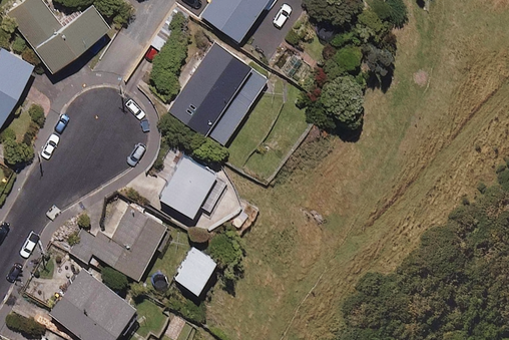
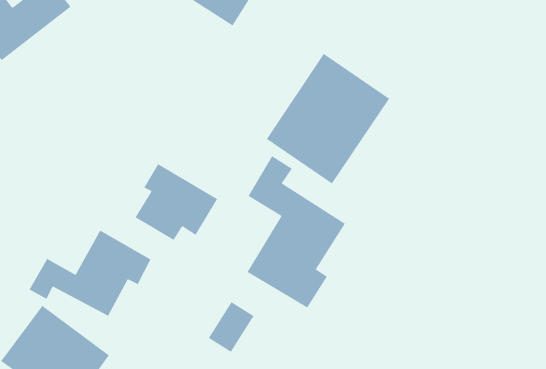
building: [167,41,269,148] -> [266,53,390,185]
building: none -> [246,155,346,308]
building: [174,249,212,291] -> [208,301,254,353]

